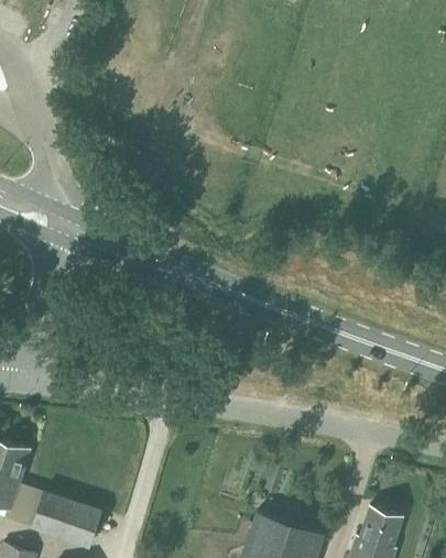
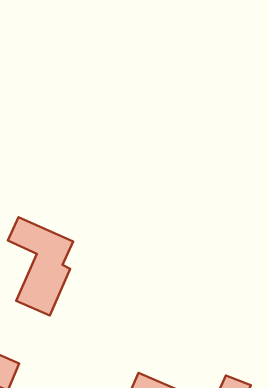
building: none -> [8,217,73,316]

